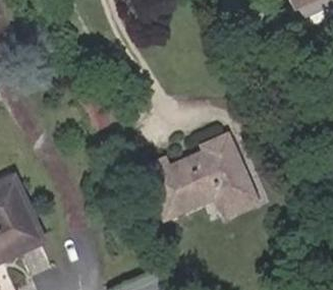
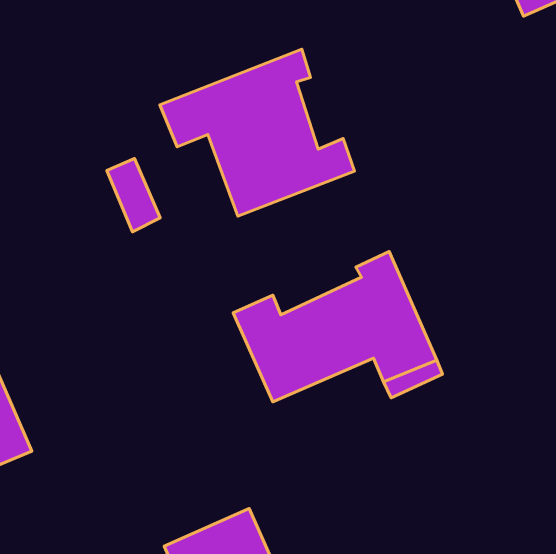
building: none -> [160,49,354,216]

